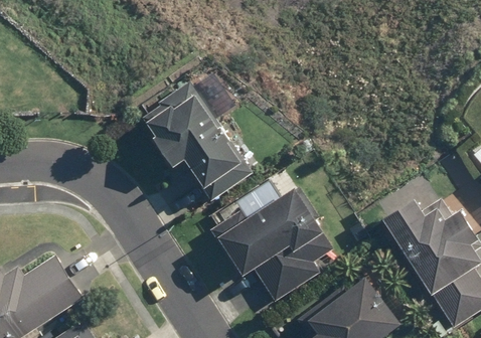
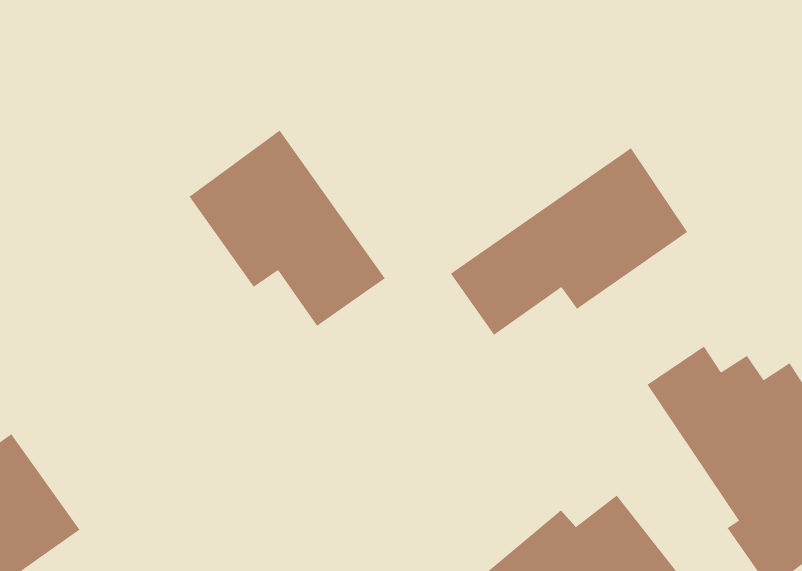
building: none -> [450,147,688,336]
building: [209,187,332,306] -> none

